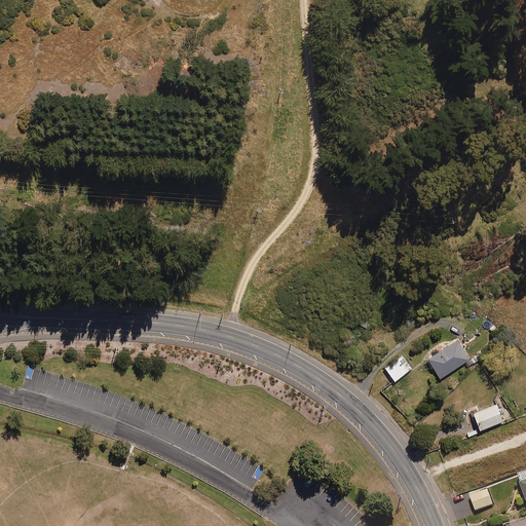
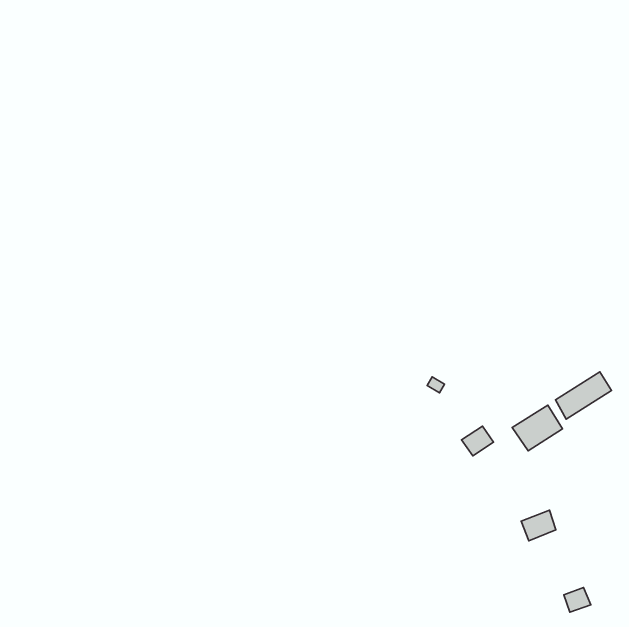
building: none -> [555,372,612,419]
building: [474,405,502,430] -> [521,510,556,541]

